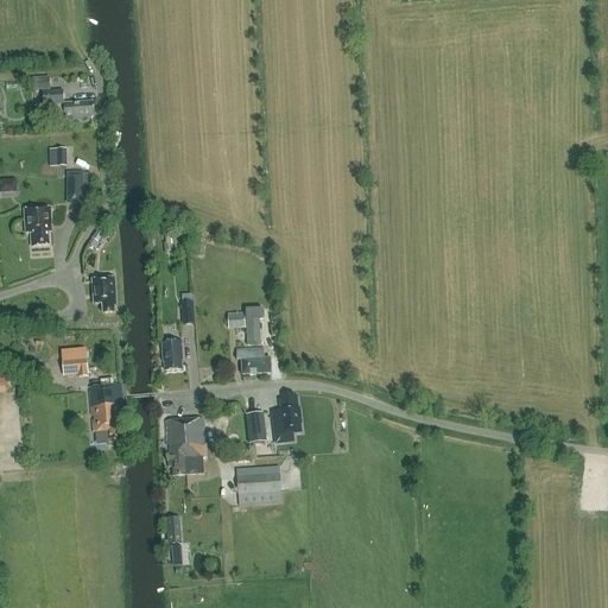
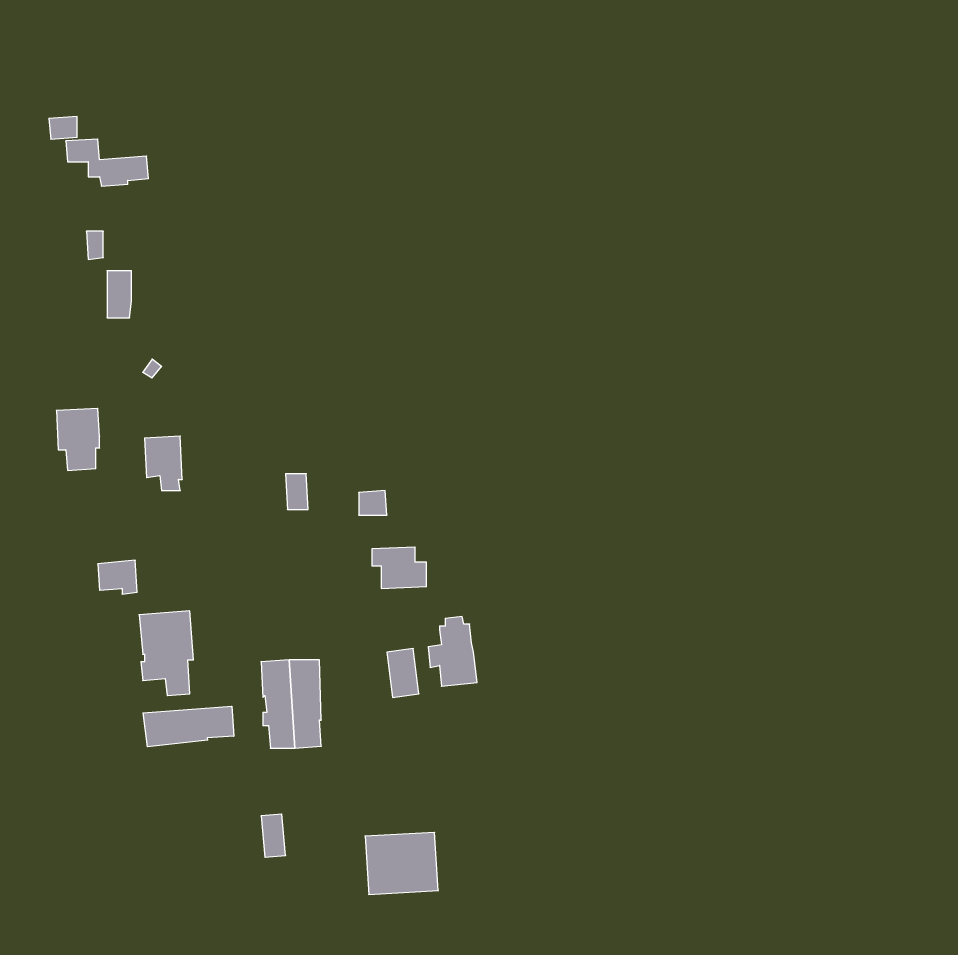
building: [24,205,51,245] -> [56,408,100,470]
building: [245,305,262,342] -> none
building: [163,340,183,368] -> none
building: none -> [143,706,234,747]
building: [235,464,281,504] -> [365,832,438,894]

